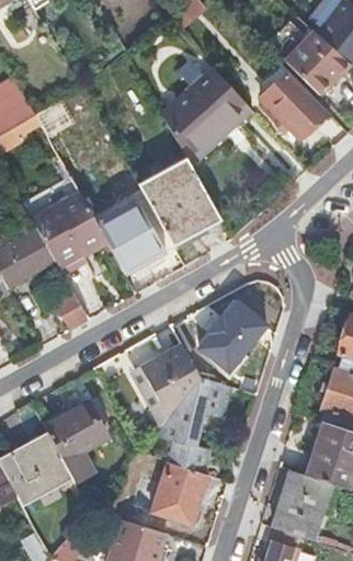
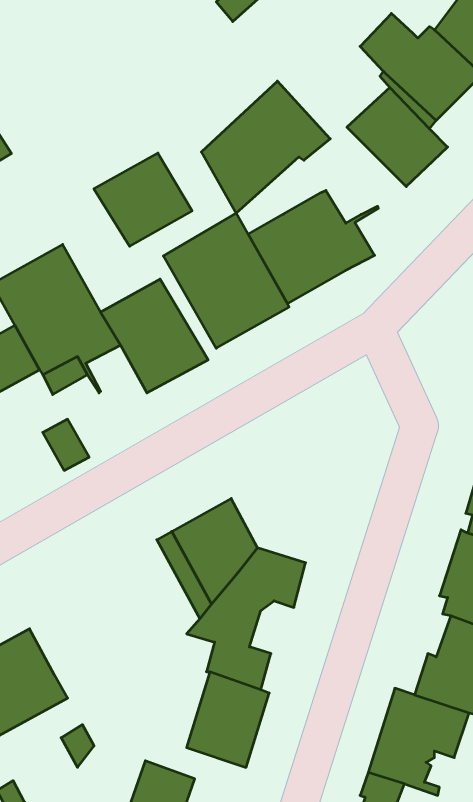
building: none -> [94,153,192,246]
building: none -> [248,190,378,303]
building: [200,299,265,370] -> none
building: [44,401,109,461] -> none

